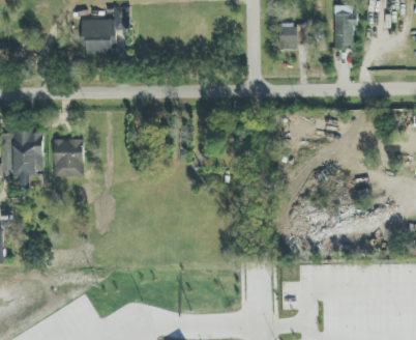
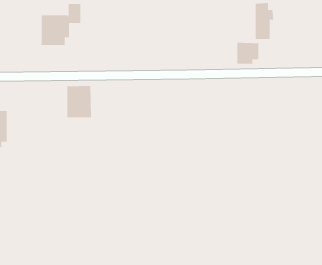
building: [278,23,305,49] -> [236,42,259,64]
building: [53,138,83,176] -> [67,85,92,118]

